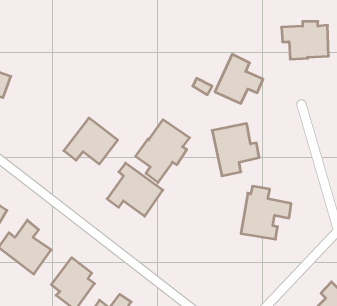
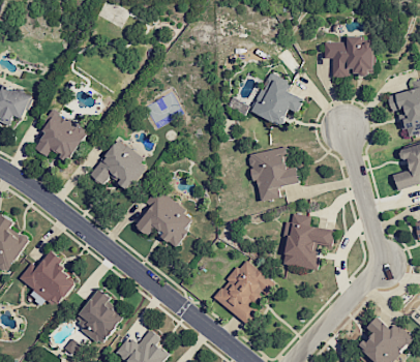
building: none -> [35,109,87,160]
building: [136,120,190,183] -> none
building: none -> [213,259,273,325]

